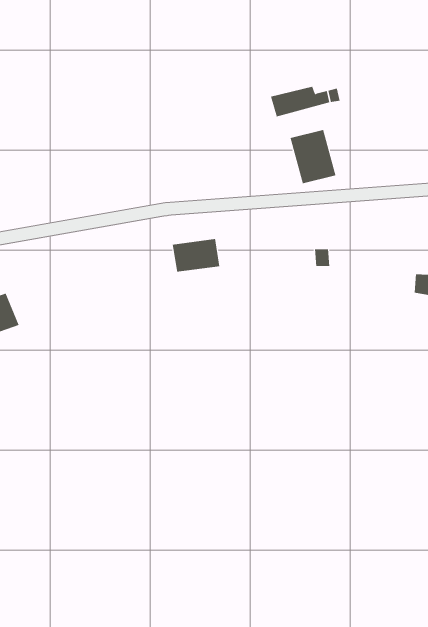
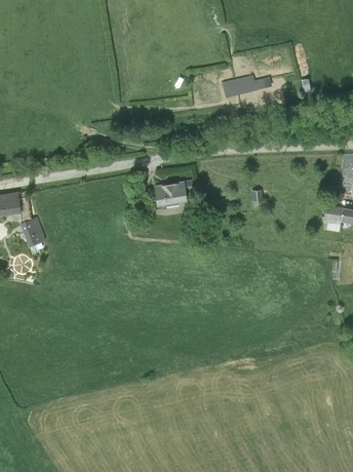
building: [290,129,336,184] -> none

